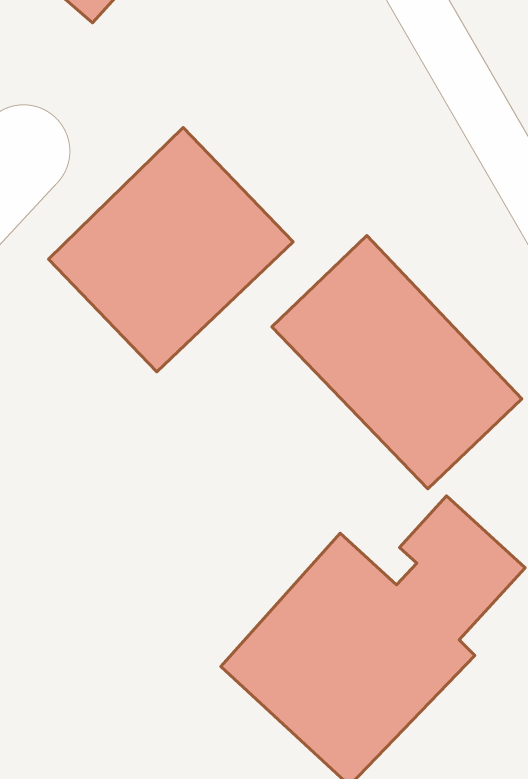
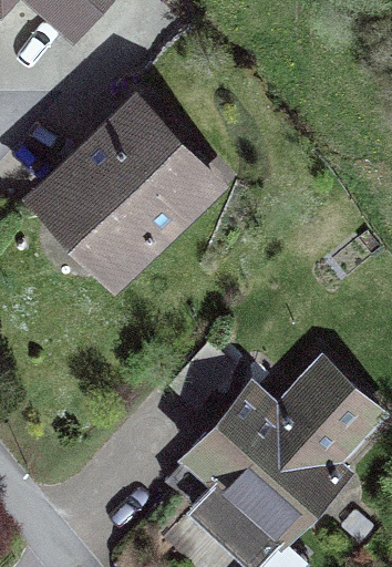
building: [272,236,522,489] -> none

